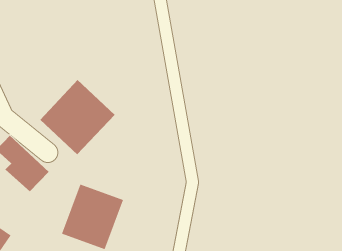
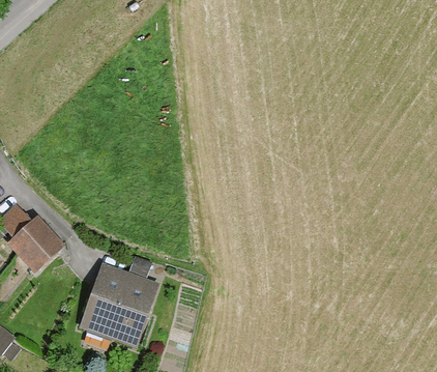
building: [39,79,115,155] -> none

